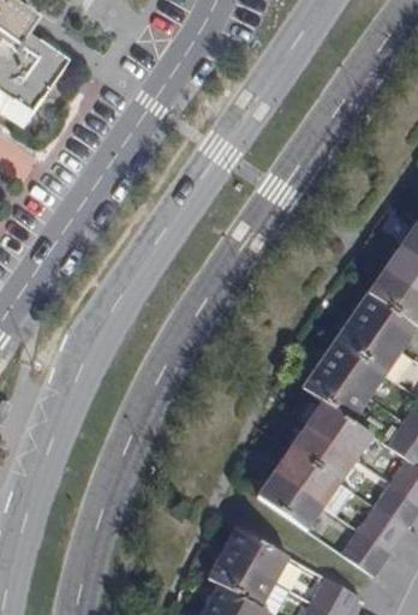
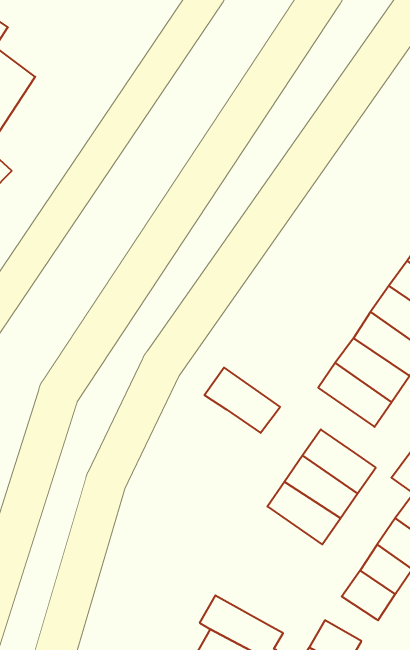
building: [301,362,371,422] -> [204,368,280,433]
building: [256,471,323,530] -> none
building: [225,526,291,581] -> none

